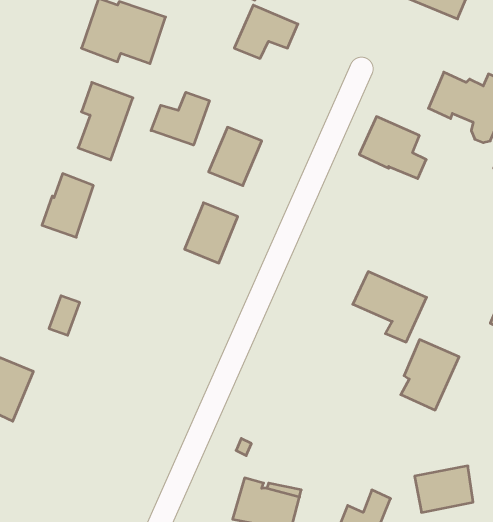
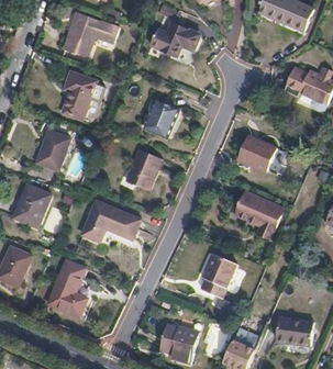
building: [151,92,209,145] -> none
building: [359,117,426,179] -> [238,134,281,174]
building: none -> [16,183,53,227]
building: none -> [84,200,141,239]
building: [401,340,459,410] -> [201,251,238,297]
building: none -> [48,260,88,316]

